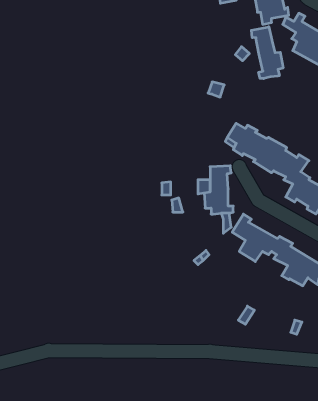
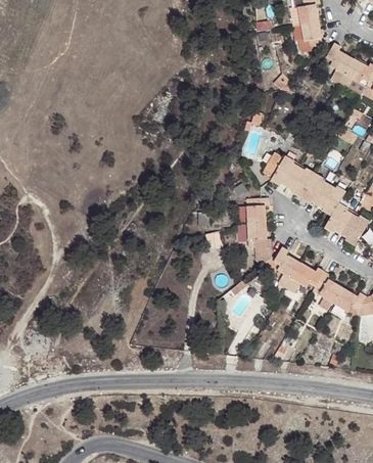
building: [251,27,283,79] -> none

